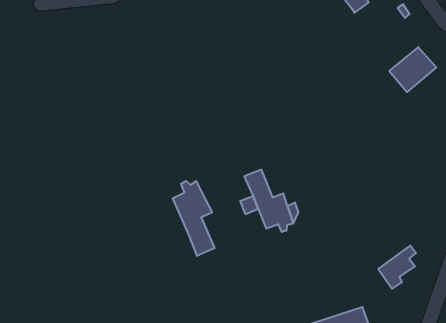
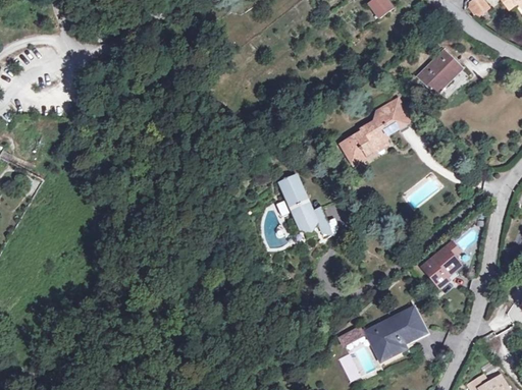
building: none -> [341,99,411,163]
building: [173,181,215,256] -> none

